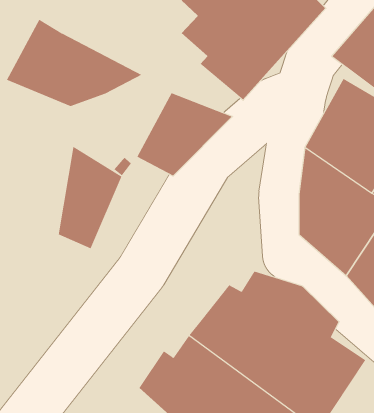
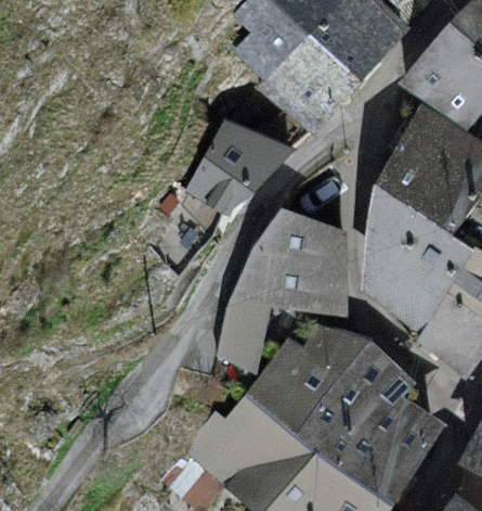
building: [6,19,143,107] -> none
building: [58,146,122,249] -> none
building: none -> [216,207,346,376]

